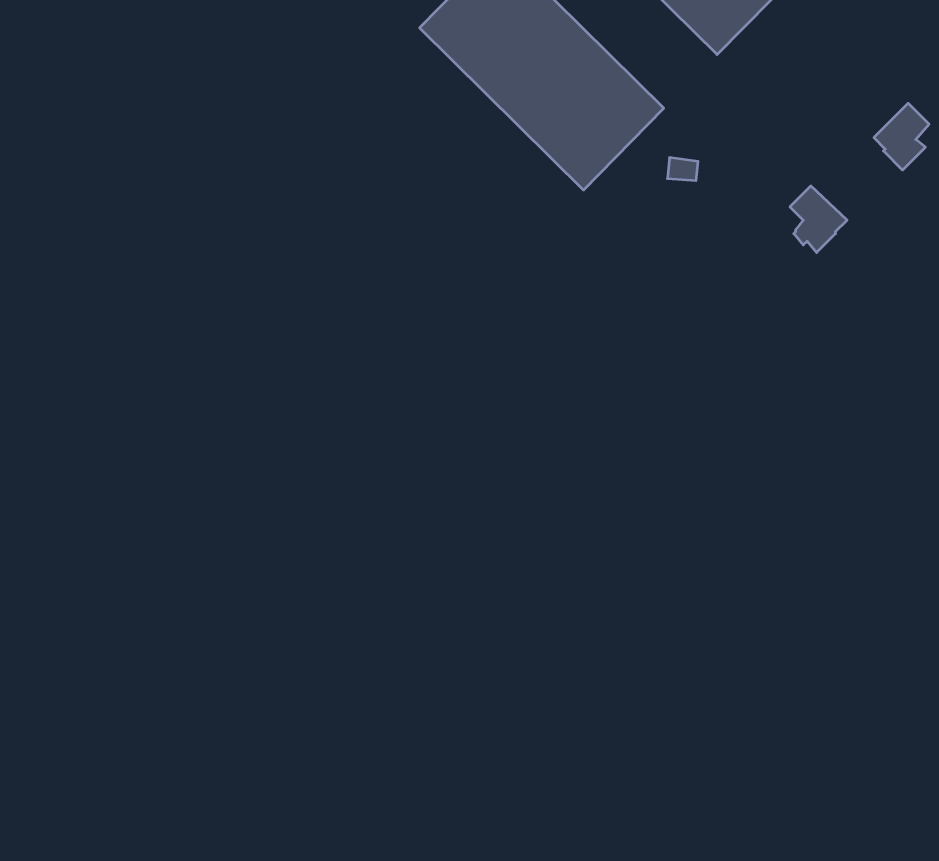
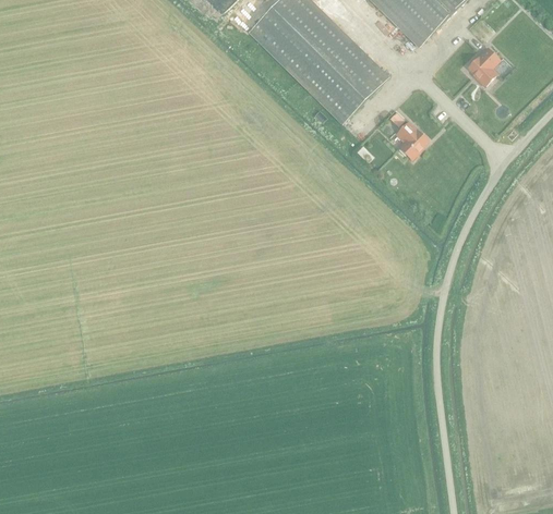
building: [874,103,929,170] -> [468,47,500,85]
building: [790,186,847,253] -> [396,121,429,159]

